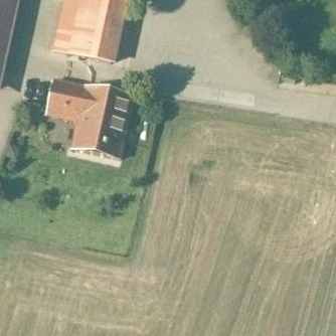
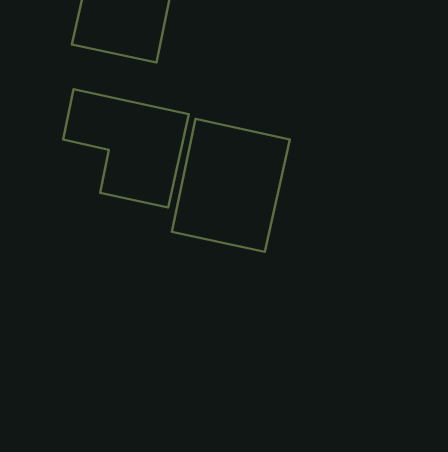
building: none -> [172,119,290,252]

